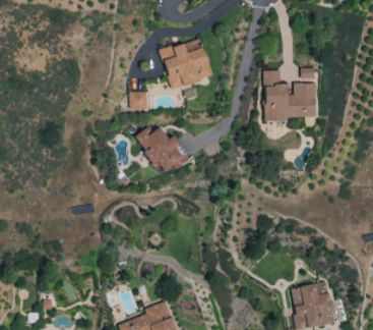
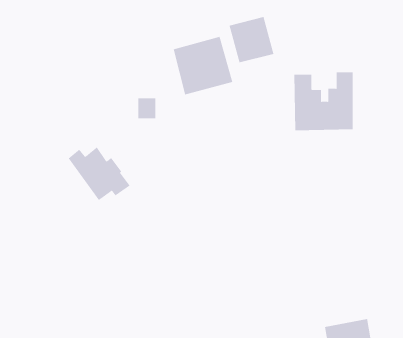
building: none -> [229,16,274,63]
building: [135,126,189,173] -> [68,147,130,201]

